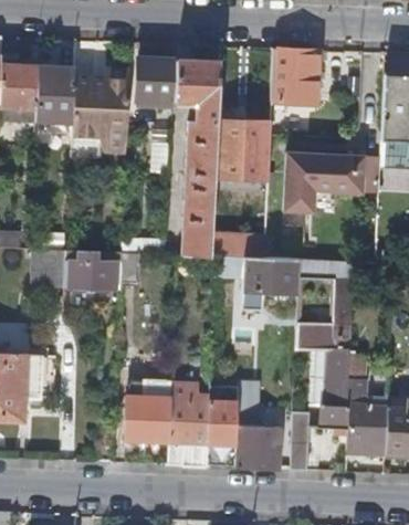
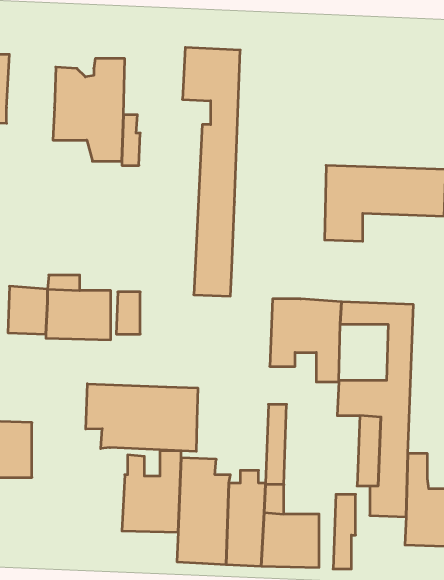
building: [272,48,319,104] -> none
building: [136,59,176,101] -> none
building: [35,65,74,107] -> none
building: [214,118,271,181] -> none
building: [211,233,268,258] -> none
building: none -> [86,384,198,451]

